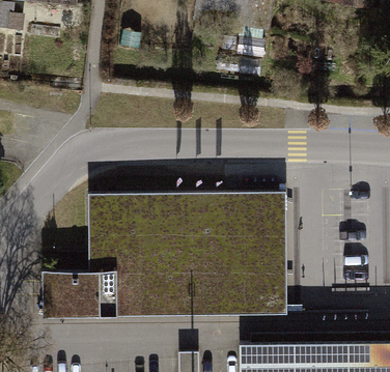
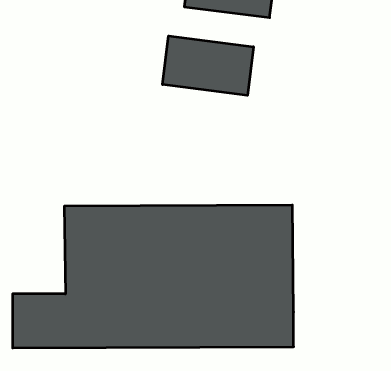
building: none -> [163,36,253,95]

